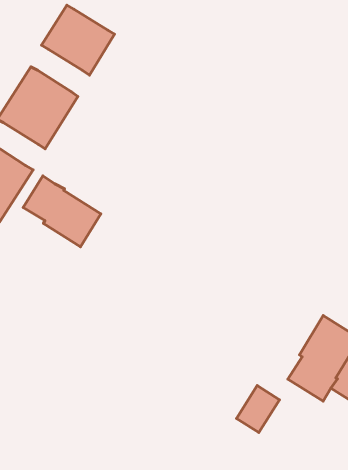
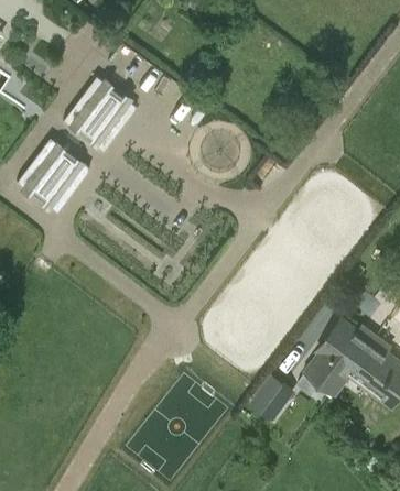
building: [42,5,114,75] -> none
building: [23,176,101,247] -> none

